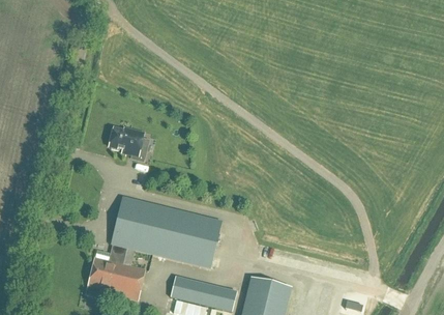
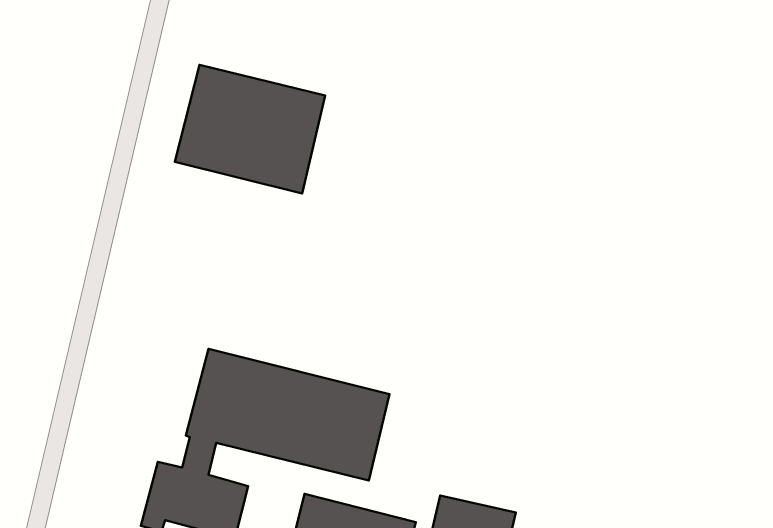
building: none -> [175,65,325,193]
building: [110,127,145,155] -> none

